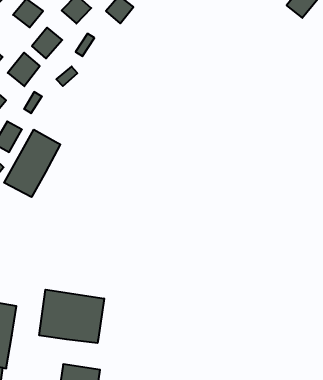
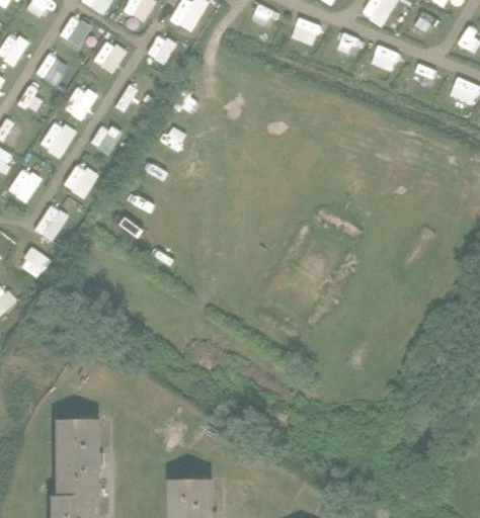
building: [4,130,60,197] -> none
building: [39,290,104,343] -> none

